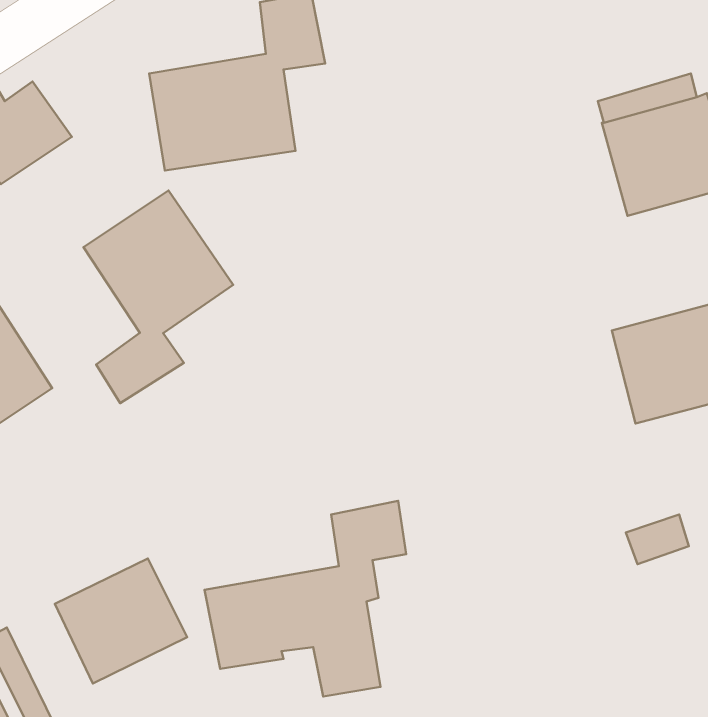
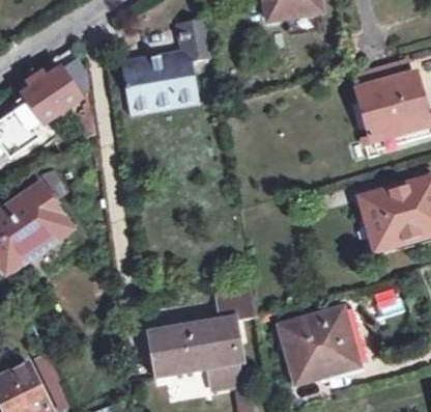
building: [83,191,233,403] -> none
building: none -> [281,308,365,382]
building: [55,559,187,683] -> none

